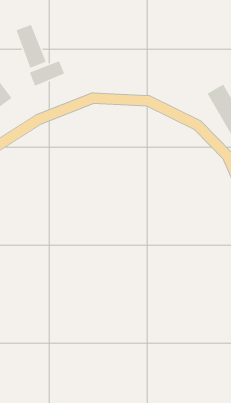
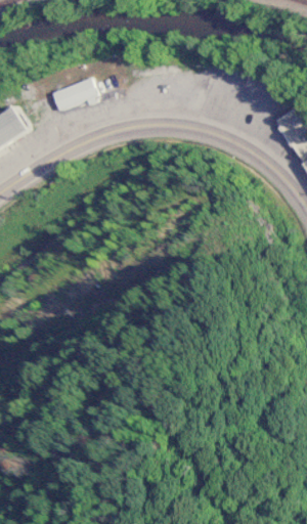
building: [15,24,47,69] -> none

